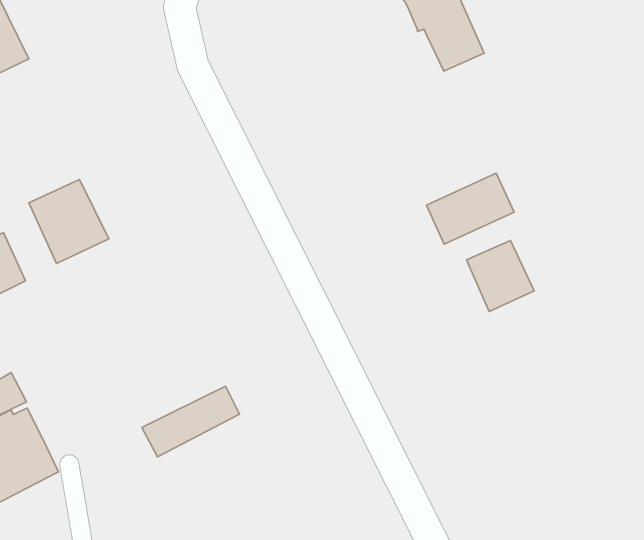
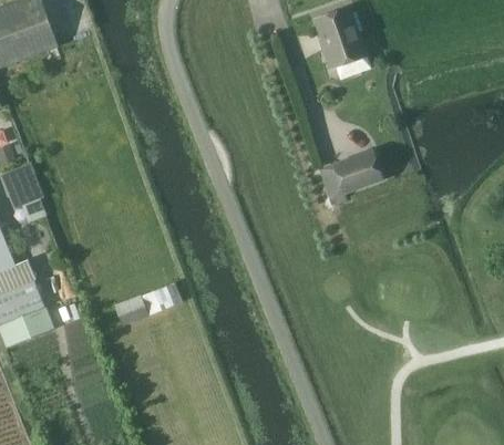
building: [29,180,109,264] -> none
building: [467,241,534,311] -> none

